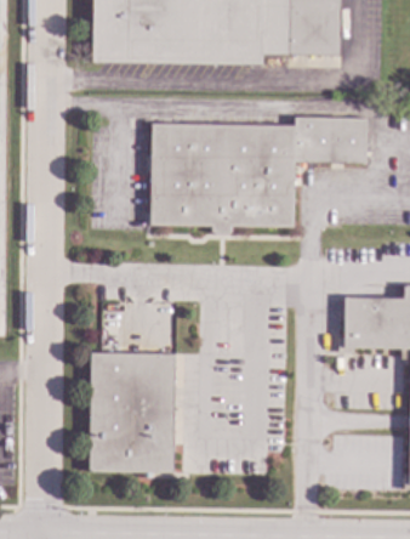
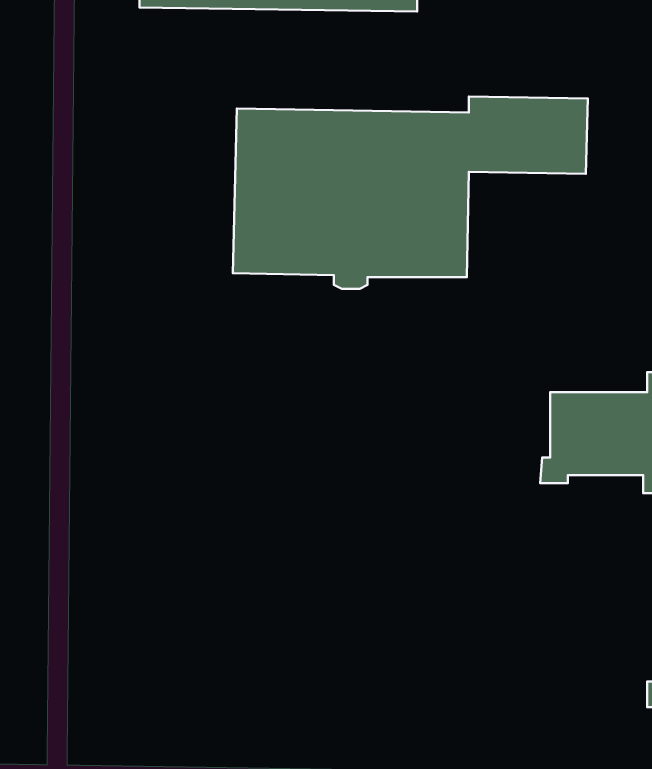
building: [89,352,177,477] -> none

